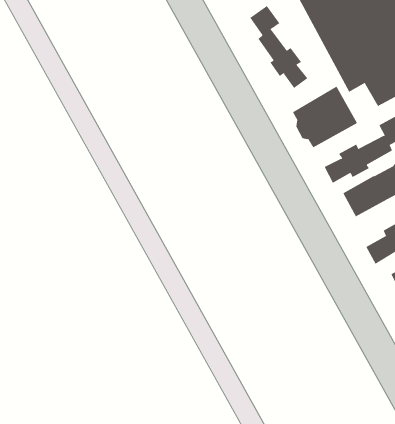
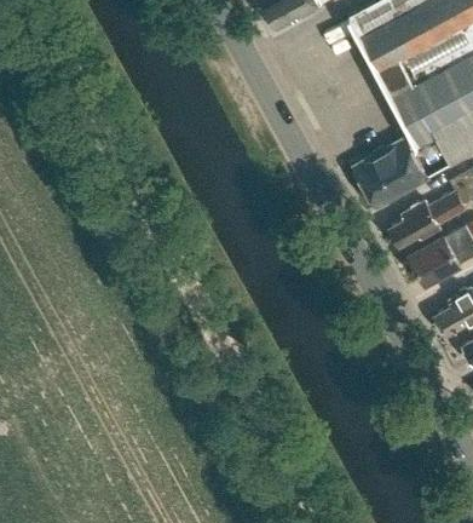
building: [250,5,308,89] -> none

